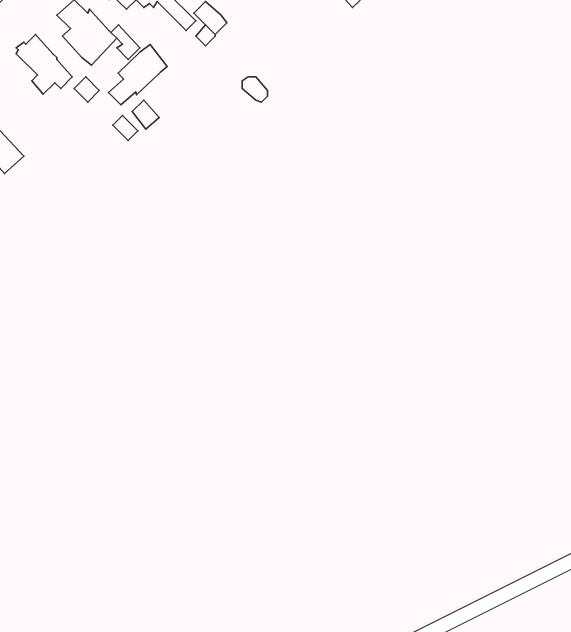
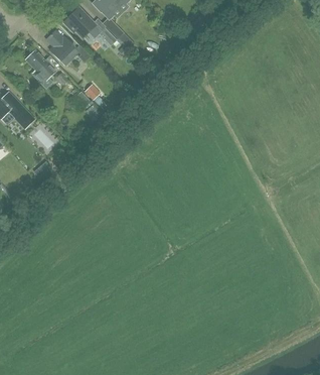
building: [108,44,167,105] -> none

